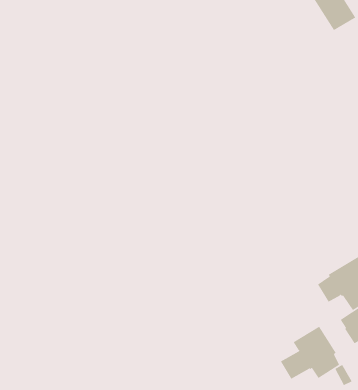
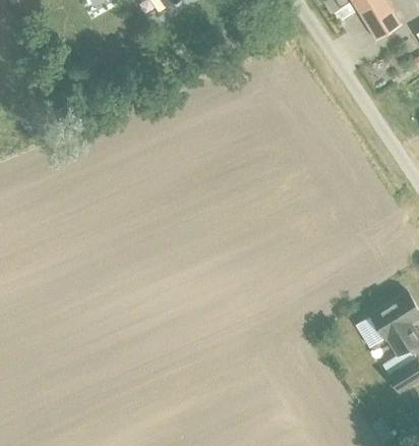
building: [280,326,340,380] -> none

